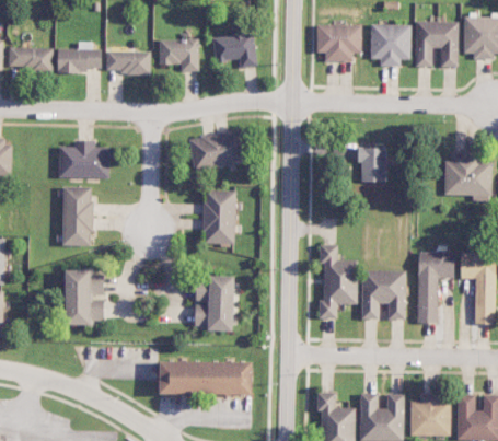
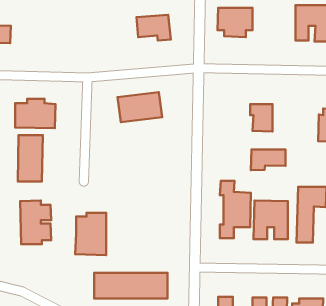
building: [370,25,412,67] -> none
building: [159,39,199,72] -> none
building: [58,49,102,73] -> none
building: [107,51,151,74] -> none
building: [204,190,236,245] -> none
building: none -> [251,149,286,170]
building: [195,277,234,330] -> [75,213,106,255]

